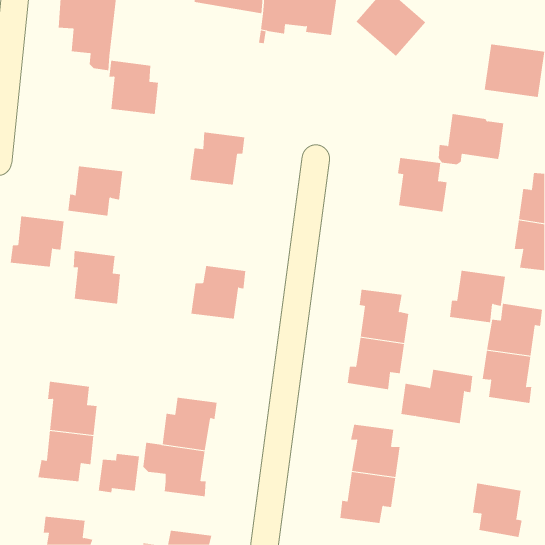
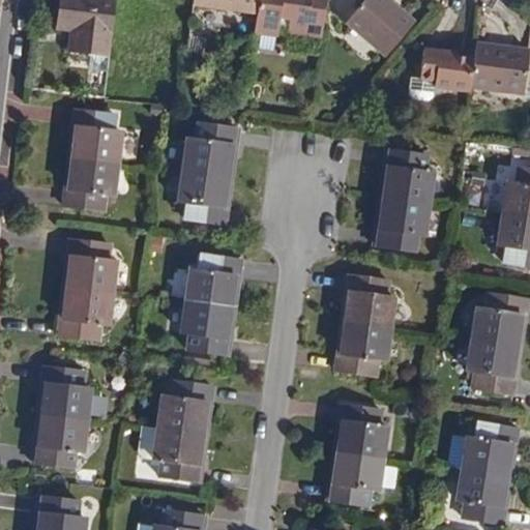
building: [108,60,159,115] -> [73,113,122,166]
building: [438,113,504,165] -> [408,49,472,98]
building: none -> [179,174,227,225]
building: [10,216,64,267] -> [61,289,114,338]
building: [449,270,506,323] -> [374,199,429,249]
building: none -> [180,303,228,353]
building: [400,369,473,424] -> [446,421,517,474]
building: [98,453,139,493] -> none

